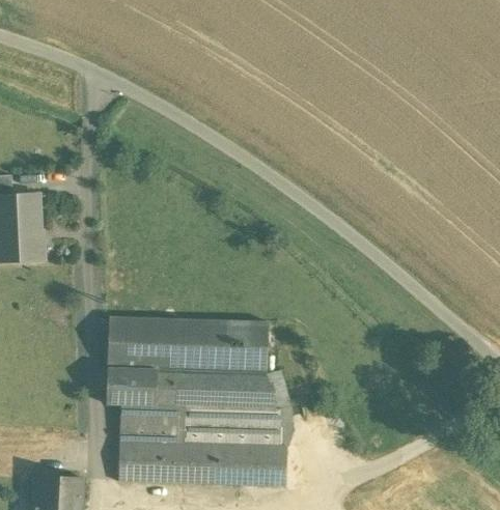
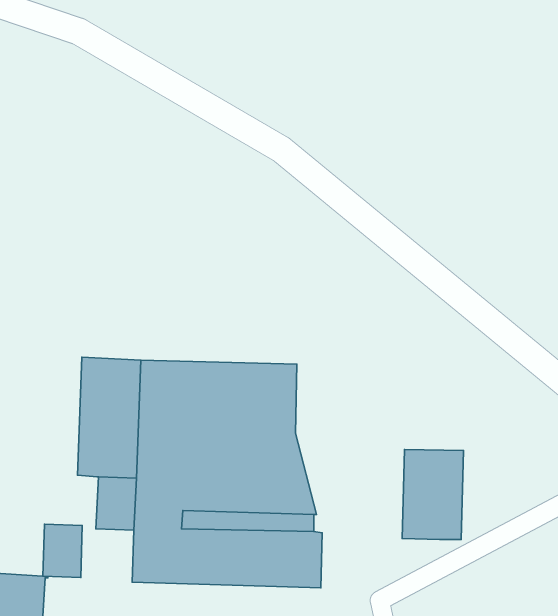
building: none -> [402,449,463,539]
building: [119,444,148,483] -> [43,524,82,578]

